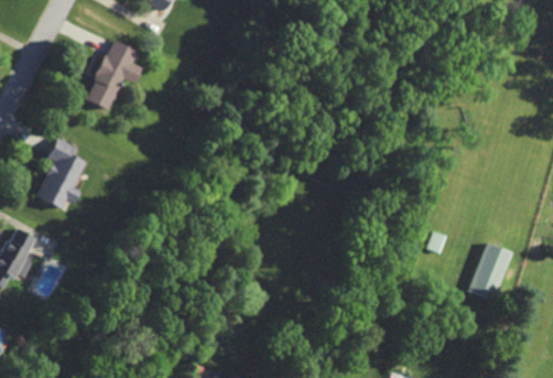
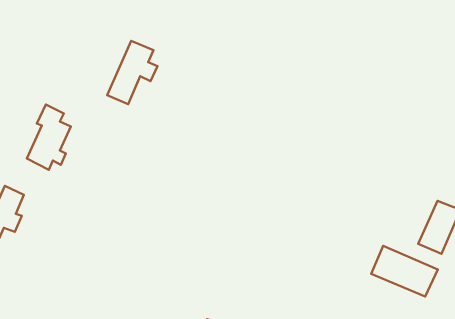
building: [86,40,141,109] -> [107,41,157,104]
building: none -> [371,246,438,297]

